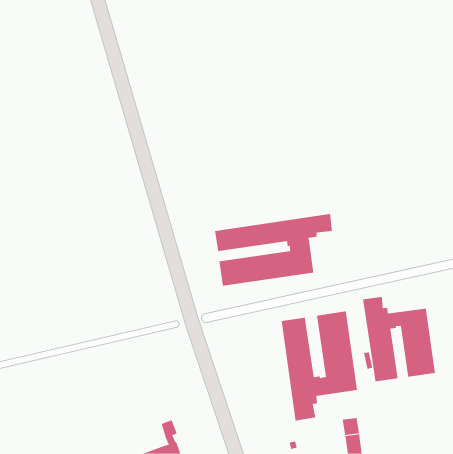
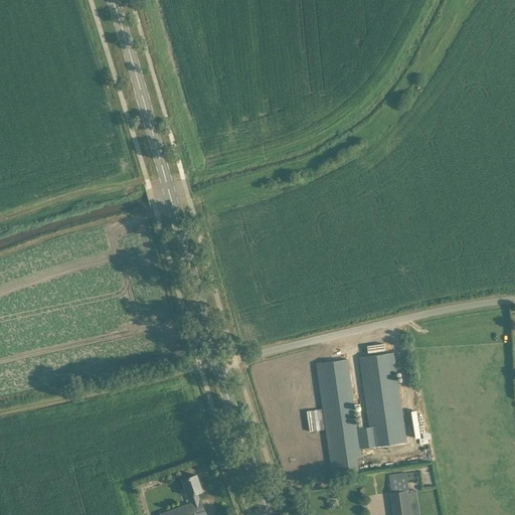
building: [215,213,333,287] -> none
building: [363,296,436,382] -> none

